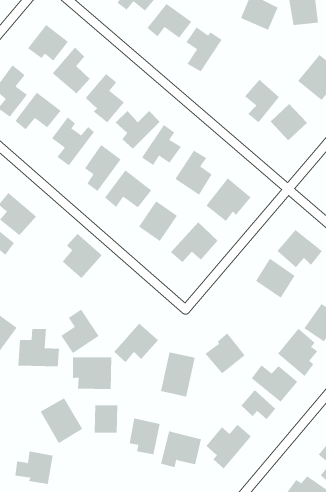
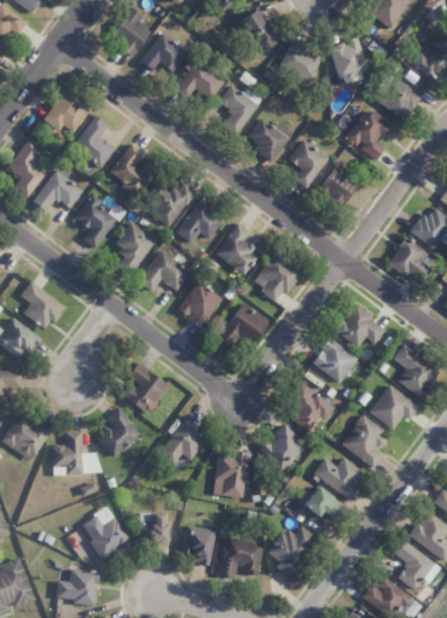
building: none -> [246,118,294,162]
building: [62,233,102,279] -> [122,362,167,413]
building: none -> [286,381,333,432]
building: [72,356,112,390] -> none

